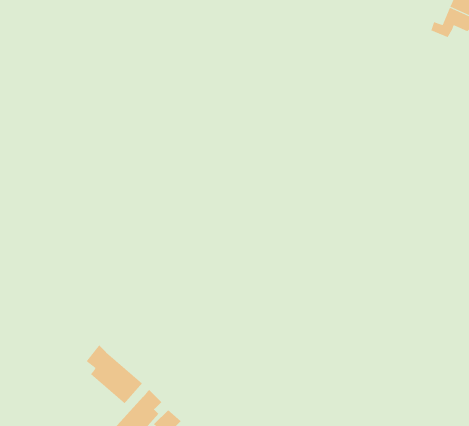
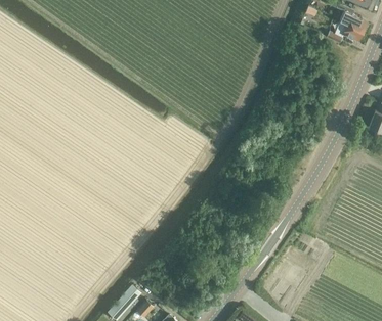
building: [86,345,143,404] -> none

